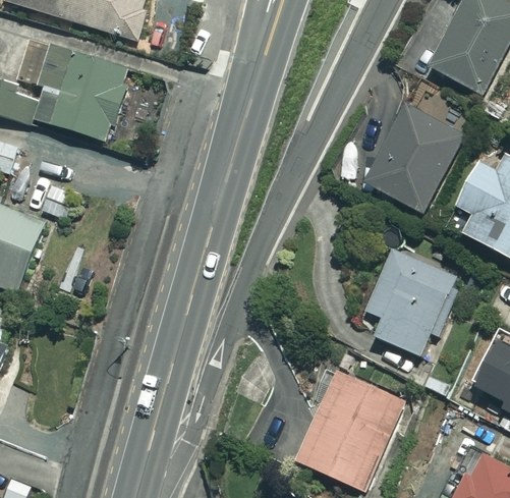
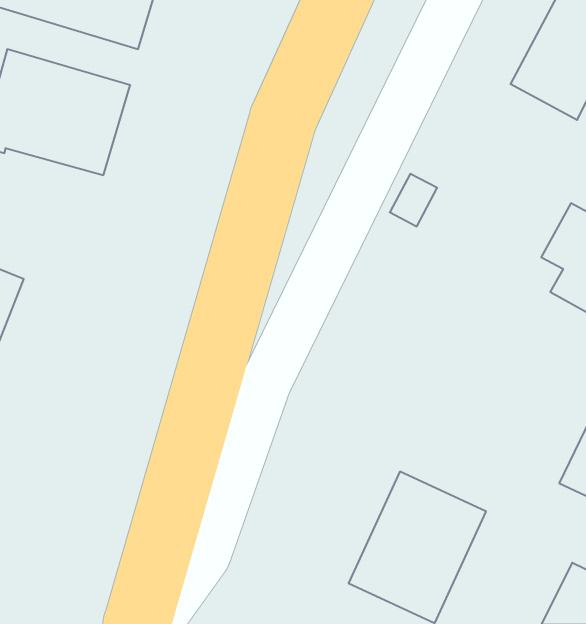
building: [361,103,464,214] -> none
building: [365,245,461,358] -> none

